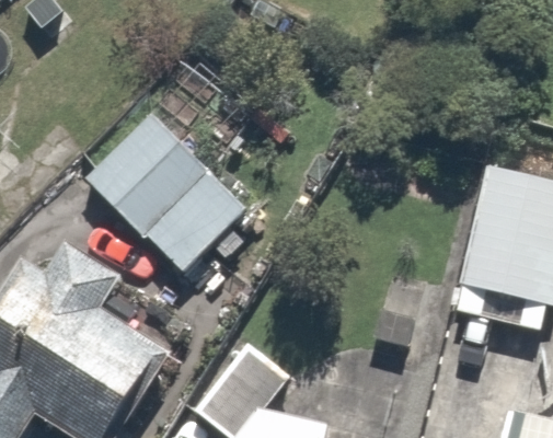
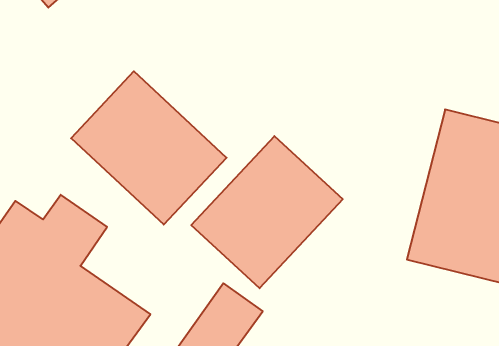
building: none -> [191,136,343,288]

